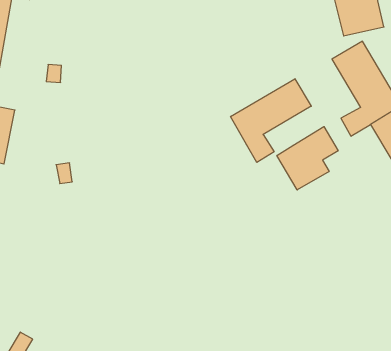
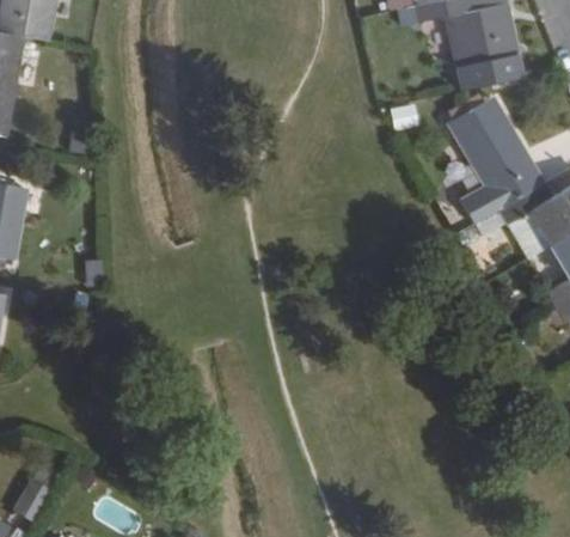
building: [231,79,311,162] -> none
building: [277,127,338,190] -> none

